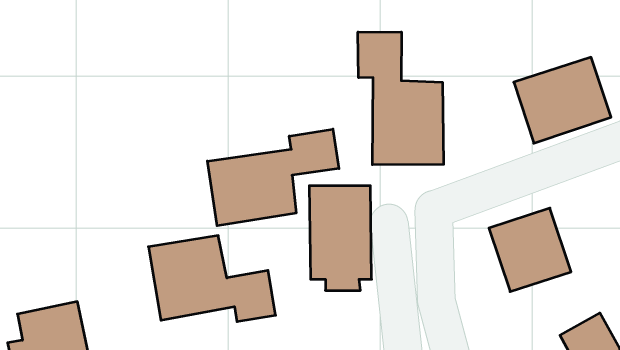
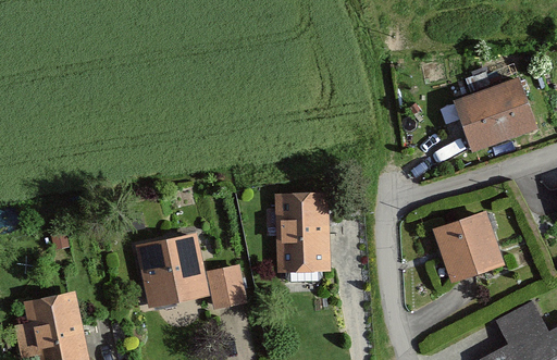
building: [358,32,444,165] -> none
building: [207,129,339,226] -> none

